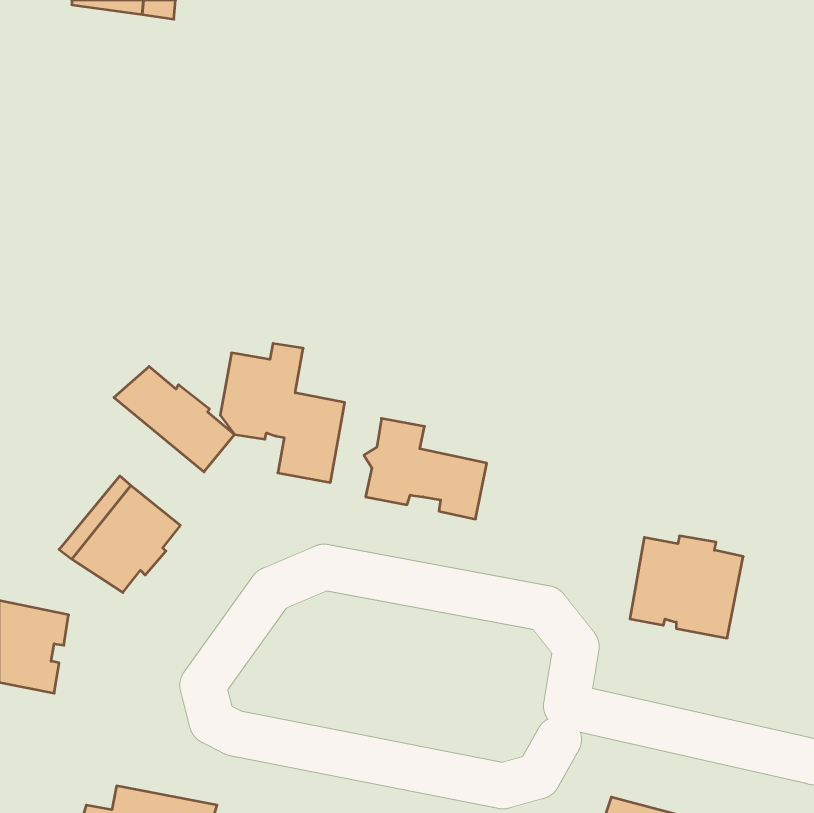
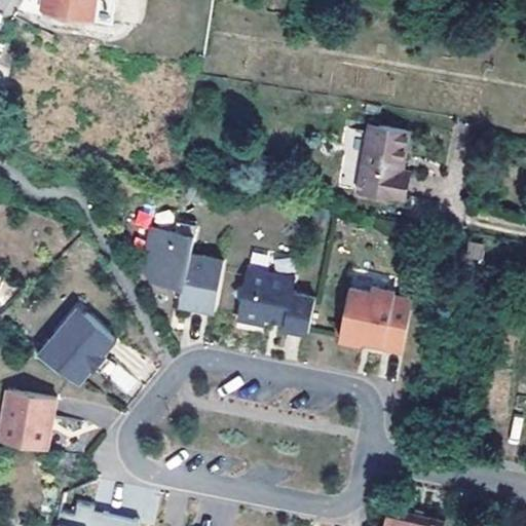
building: none -> [354,124,405,198]
building: [114,366,235,472] -> none
building: [630,536,743,638] -> [338,289,411,354]

